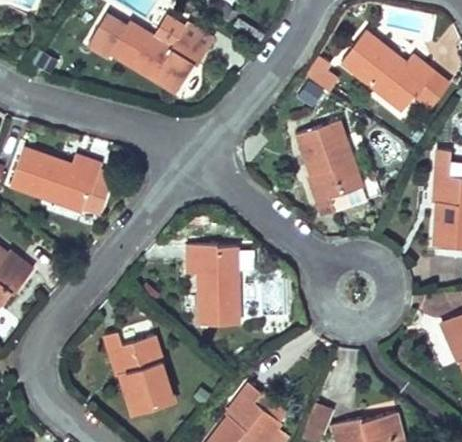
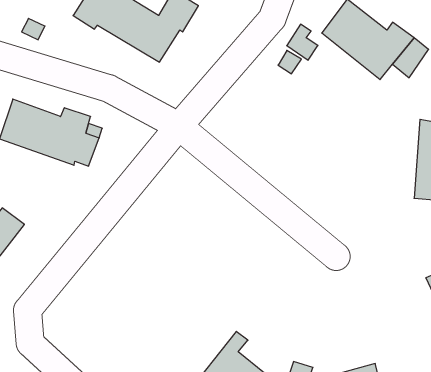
building: [302,111,372,204] -> none
building: [189,240,240,319] -> none
building: [104,328,176,416] -> none

